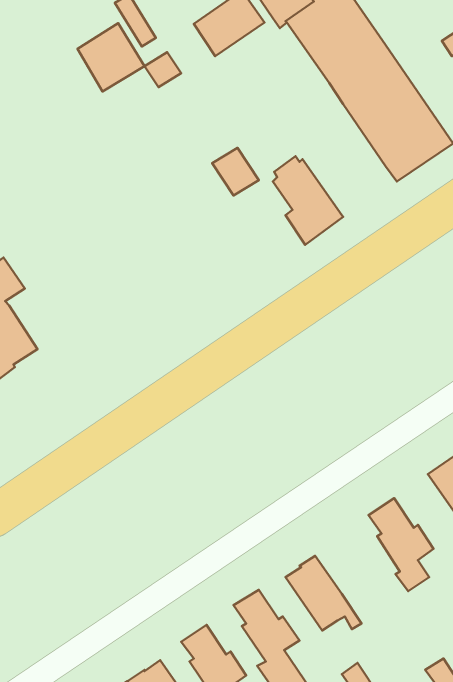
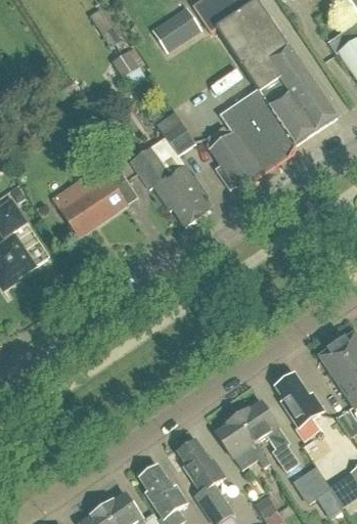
building: [77,23,145,92] -> none
building: none -> [219,87,288,168]
building: none -> [130,145,211,226]
building: none -> [60,157,128,235]
building: none -> [237,400,299,471]
building: none -> [296,466,331,501]

